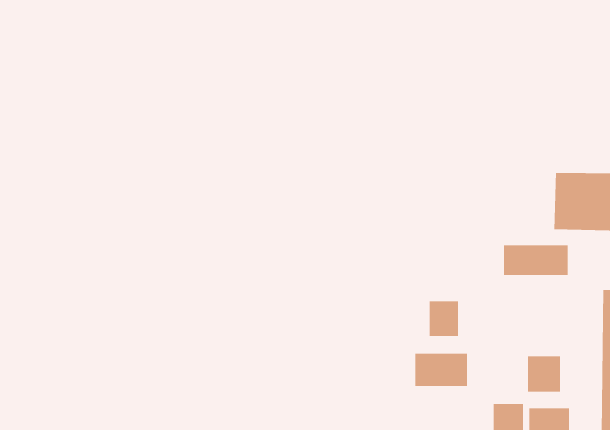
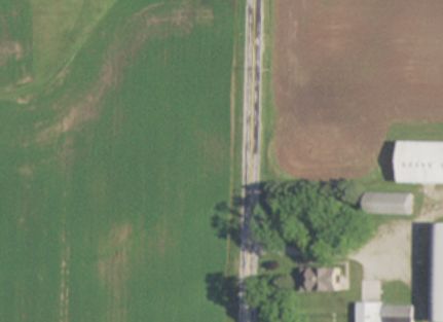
building: [429,301,459,337] -> none
building: [527,355,561,393] -> none

